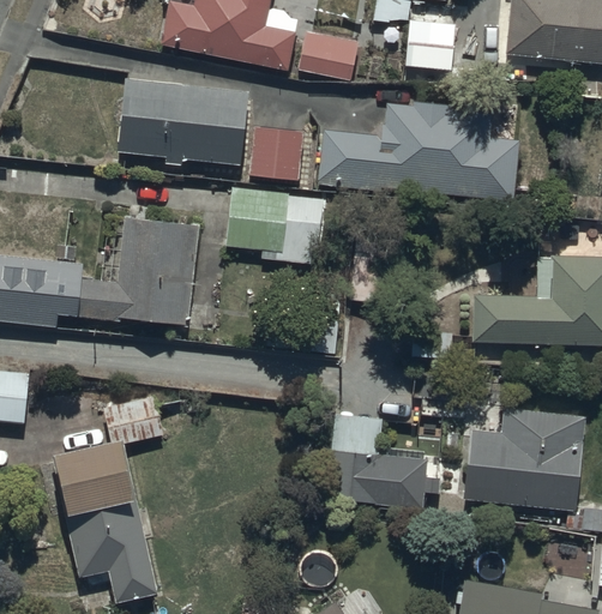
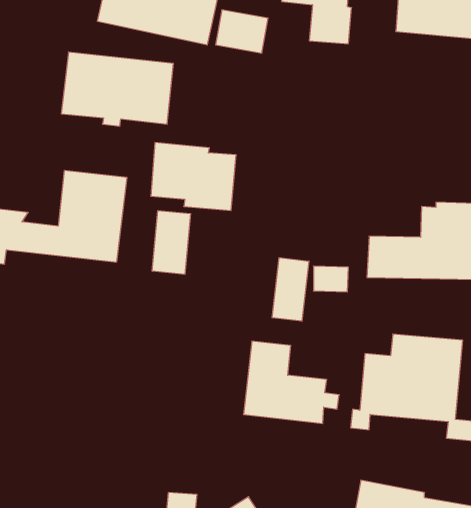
building: [319,100,519,200] -> none
building: [245,125,299,181] -> none
building: none -> [152,211,191,274]
building: none -> [272,258,309,321]
building: [53,386,188,602] -> none

